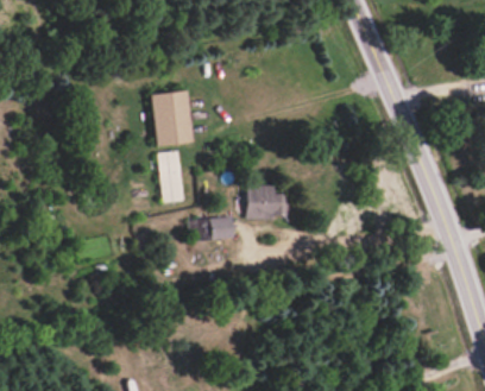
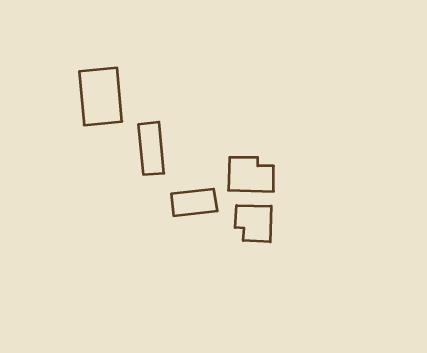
building: [151,89,193,145] -> [79,68,122,125]
building: none -> [235,205,271,242]

